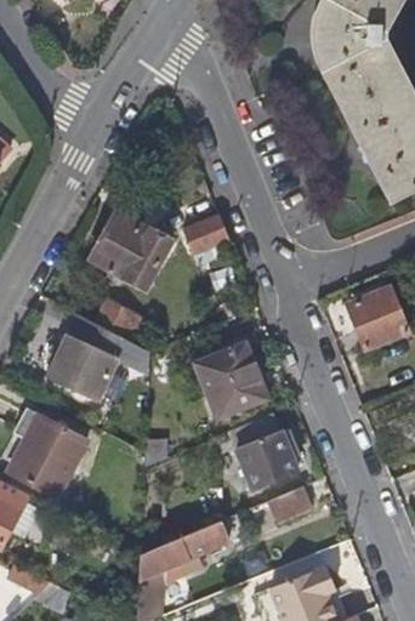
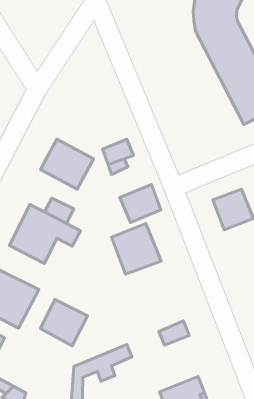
building: none -> [120,185,161,222]
building: [232,412,297,492] -> none
building: none -> [40,299,88,346]

